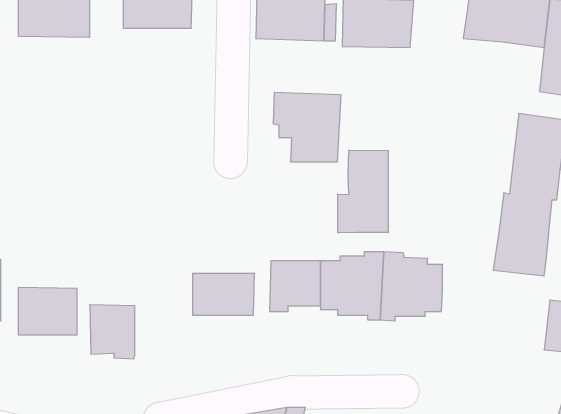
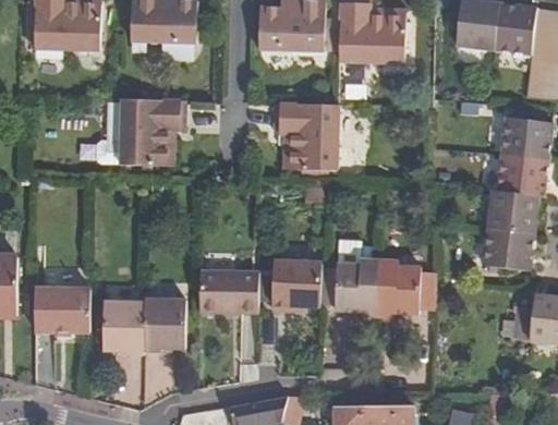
building: none -> [89,96,180,163]
building: [338,150,388,233] -> none
building: none -> [144,298,184,350]

